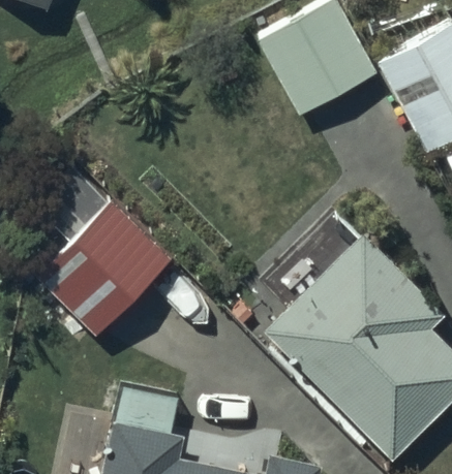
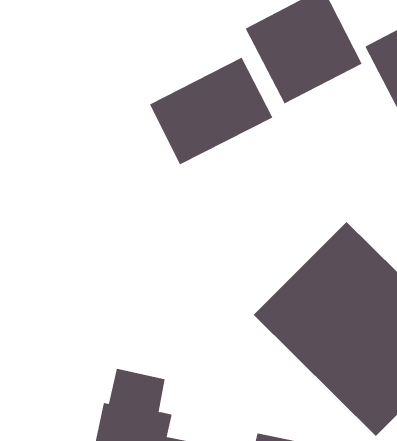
building: none -> [149,57,273,165]
building: [35,164,176,339] -> none

